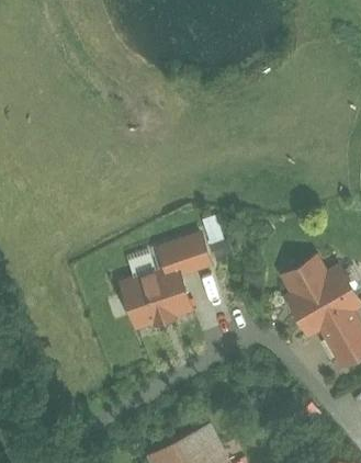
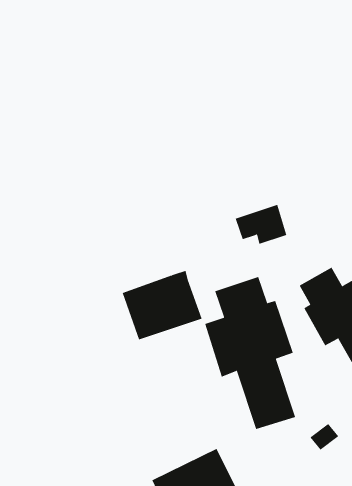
building: [160,234,208,271] -> [235,204,287,245]
building: none -> [204,276,296,430]

